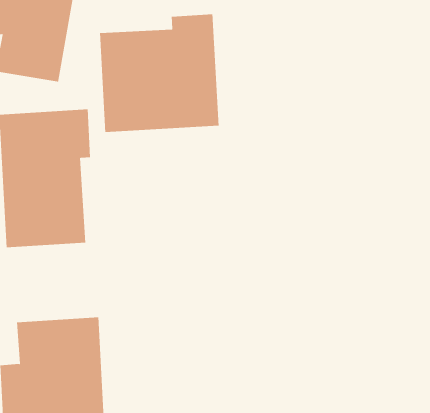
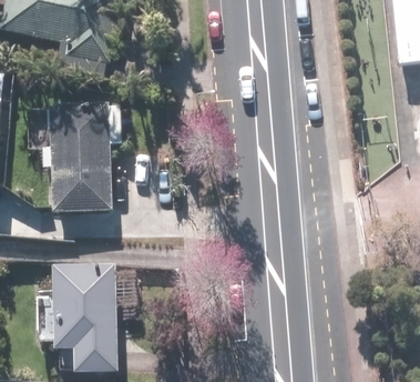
building: [99,13,219,133] -> none

